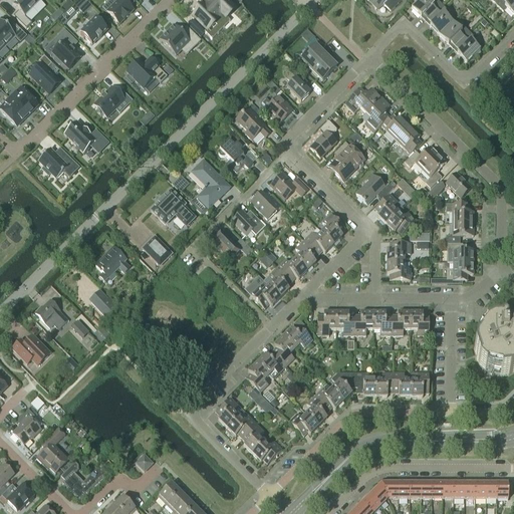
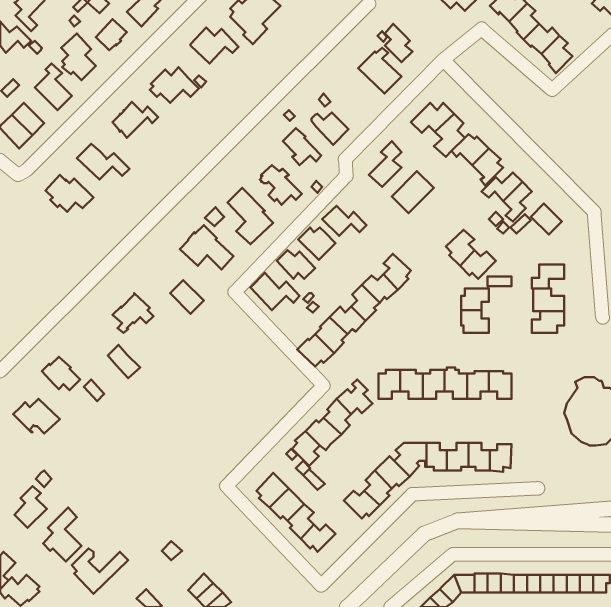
building: [287,67,310,99] -> [385,24,412,62]
building: [356,173,394,203] -> none
building: [447,202,474,222] -> none

